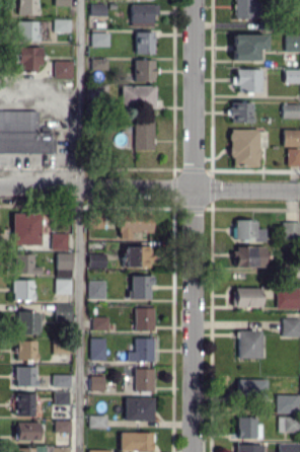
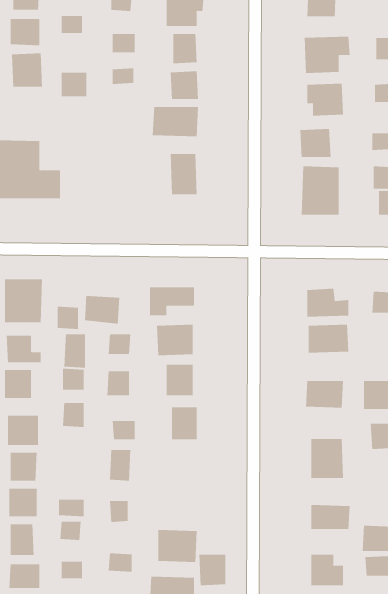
building: none -> [84,295,120,324]
building: [129,337,156,363] -> none
building: [136,369,156,392] -> [199,554,226,586]

